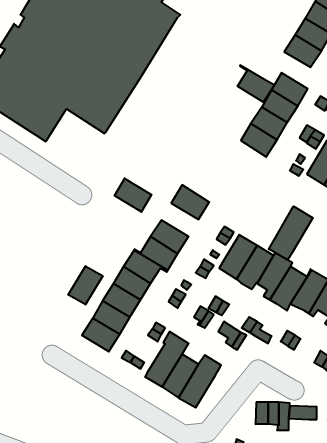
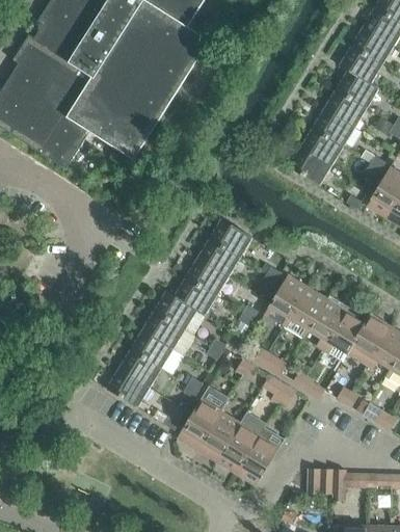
building: [237,65,274,102] -> [337,64,379,107]
building: [114,178,152,212] -> [198,238,241,276]
building: [269,206,313,260] -> none
building: [68,266,103,305] -> none
building: none -> [238,428,284,484]

